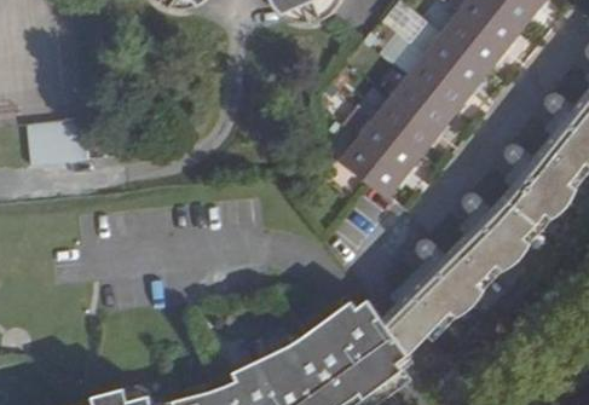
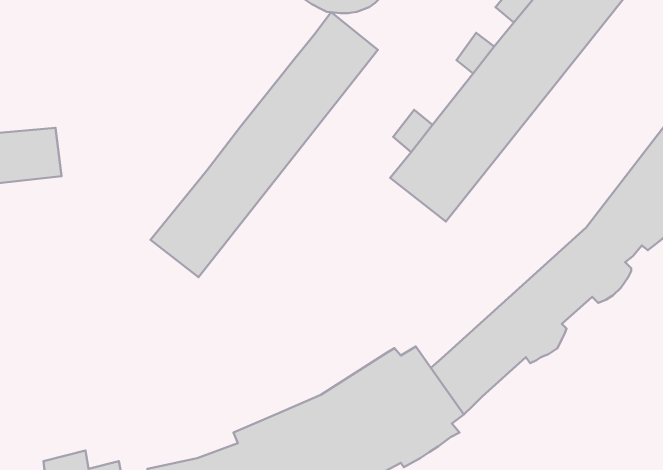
building: none -> [151,12,378,277]

